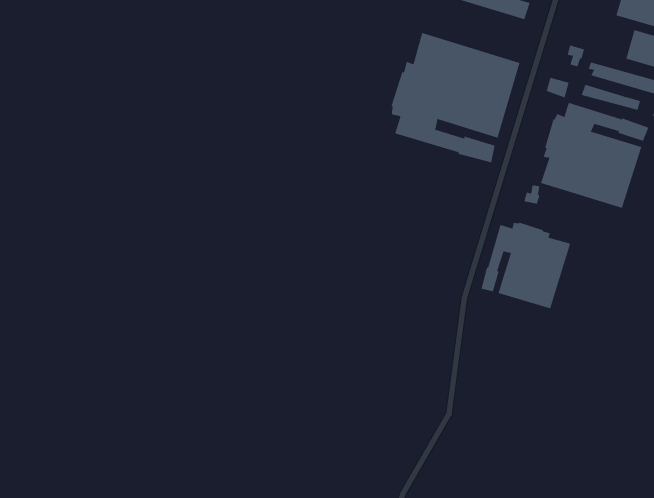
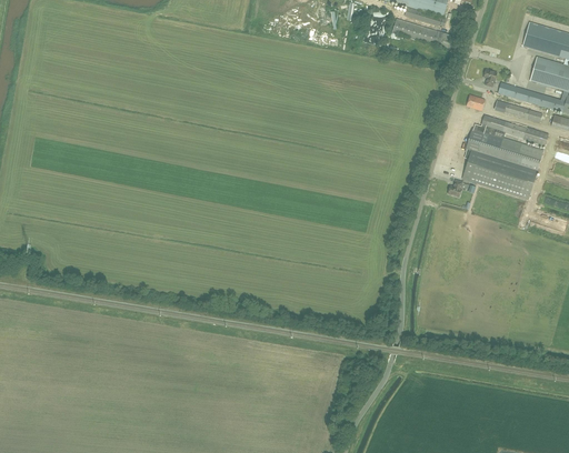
building: [391,32,520,163] -> none
building: [481,222,571,309] -> none

